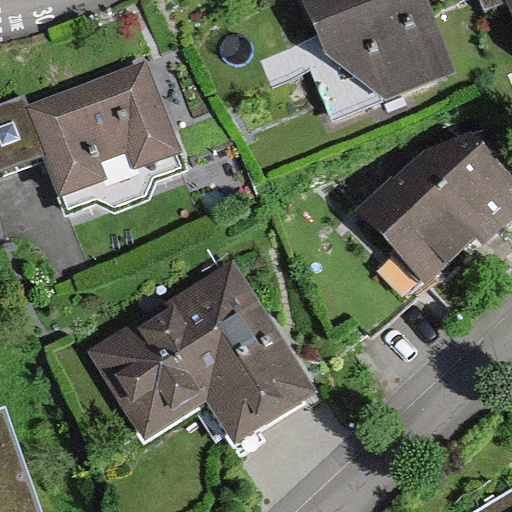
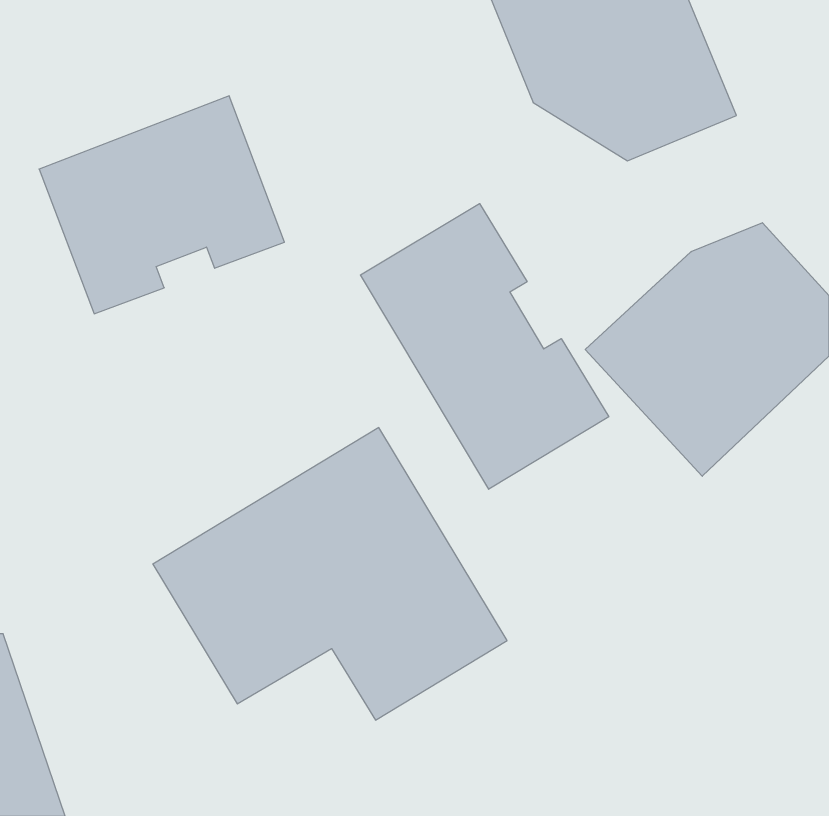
building: none -> [360,204,609,489]

